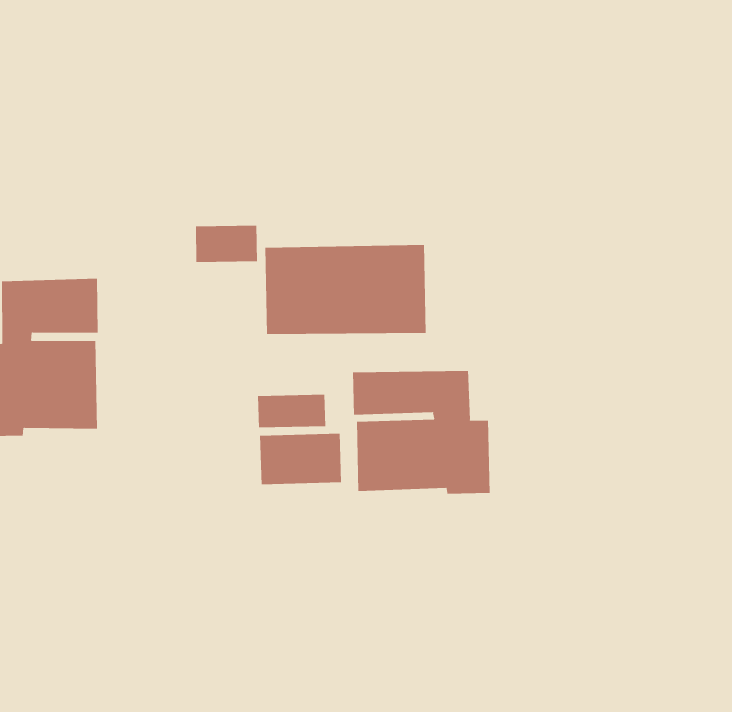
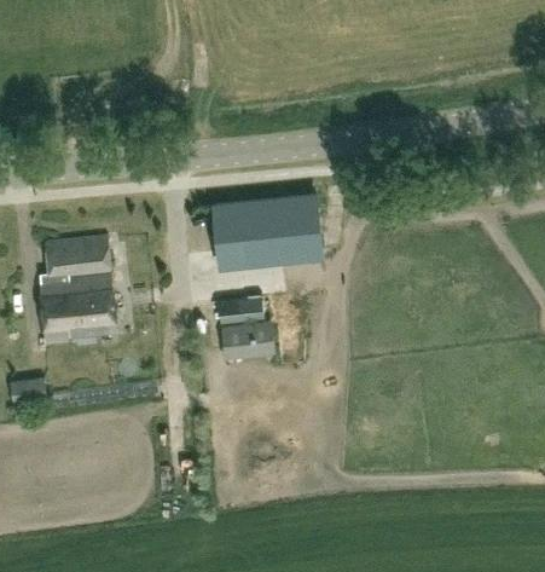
building: [195,225,257,263] -> none
building: [352,370,490,494] -> none

